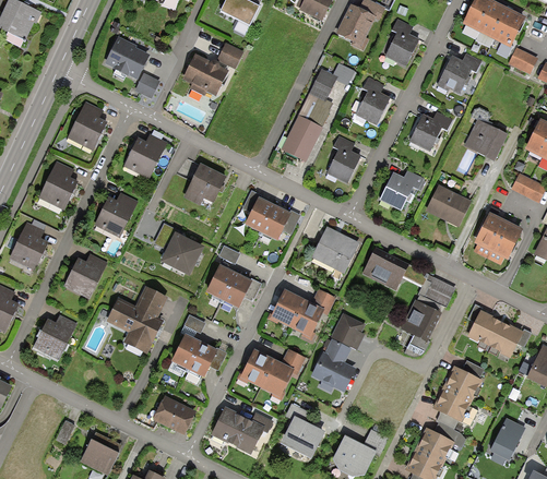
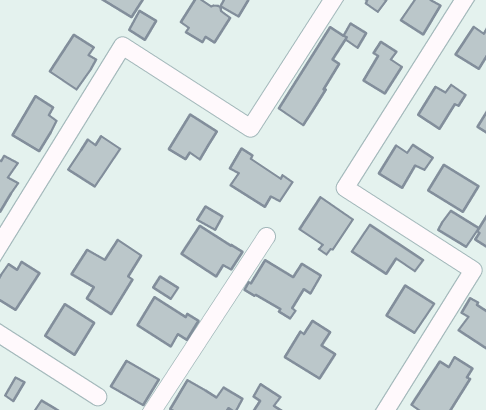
building: [122,133,167,179] -> none
building: [326,135,360,182] -> none
building: [154,224,204,275] -> none
building: [63,253,107,298] -> none
building: [418,274,455,306] -> [438,211,479,247]
building: [331,312,366,349] -> none
building: [236,348,305,398] -> none
building: none -> [45,304,94,355]

